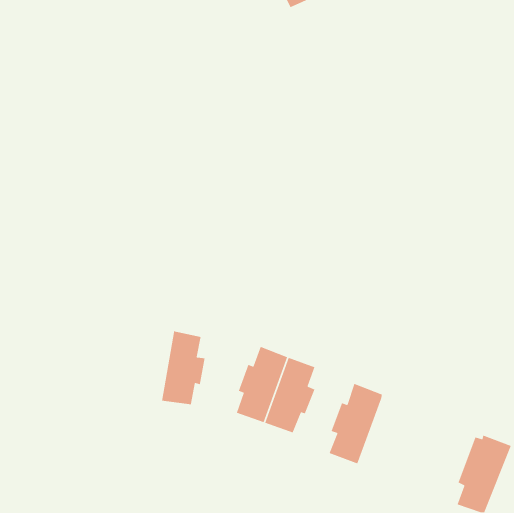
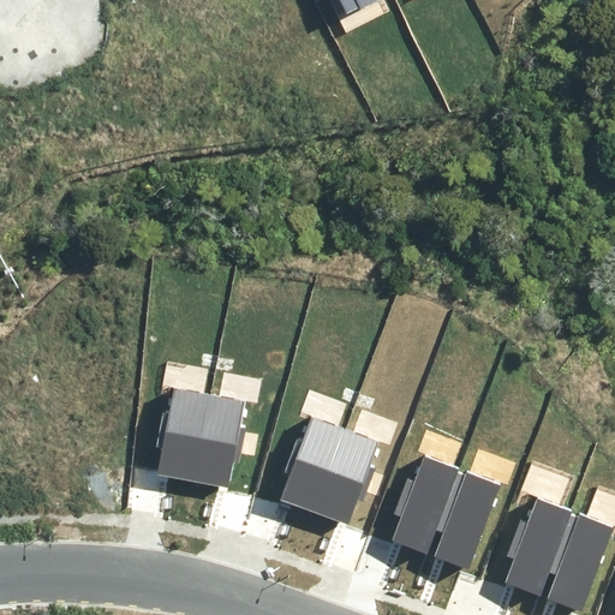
building: none -> [155,387,208,478]
building: none -> [435,473,501,569]
building: none -> [503,501,568,598]

